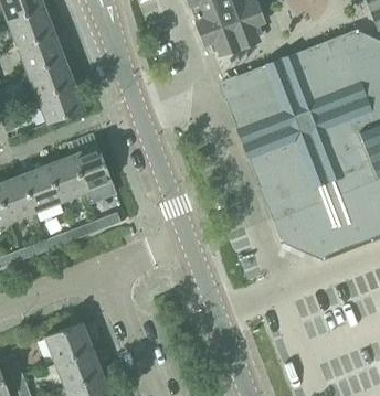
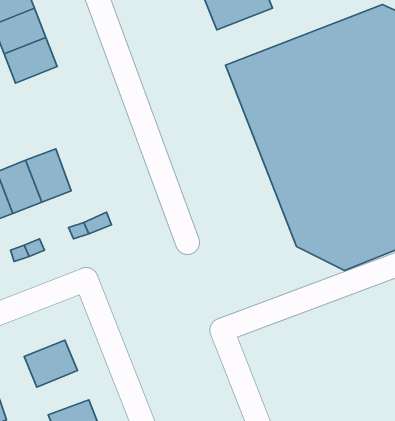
building: [38,84,84,124] -> none
building: [73,146,116,202] -> none
building: [56,349,102,387] -> none

